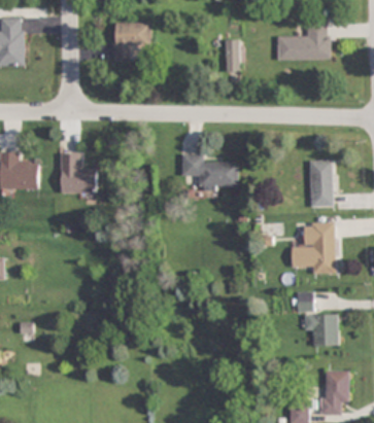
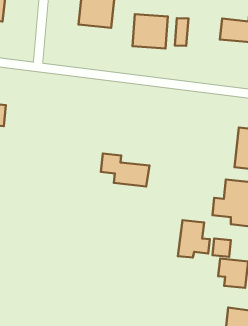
building: none -> [133,14,168,49]
building: [60,153,96,193] -> none
building: [182,154,238,187] -> [101,153,149,186]
building: none -> [178,220,210,258]

